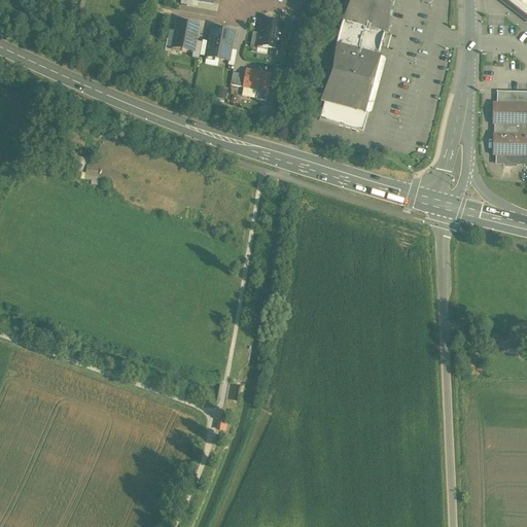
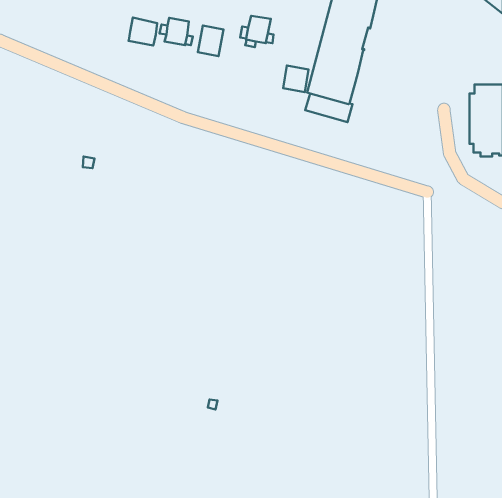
building: none -> [129,18,157,46]
building: [244,68,271,96] -> [283,66,309,92]

